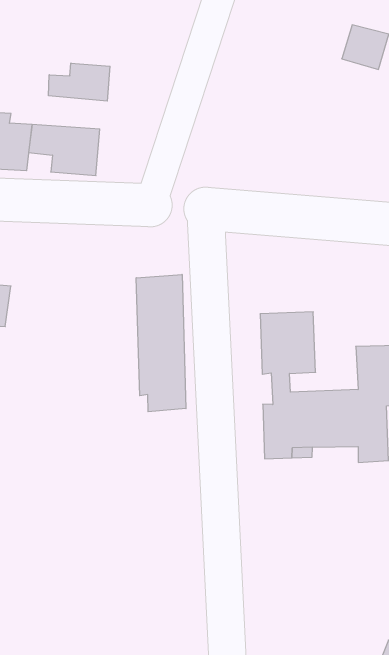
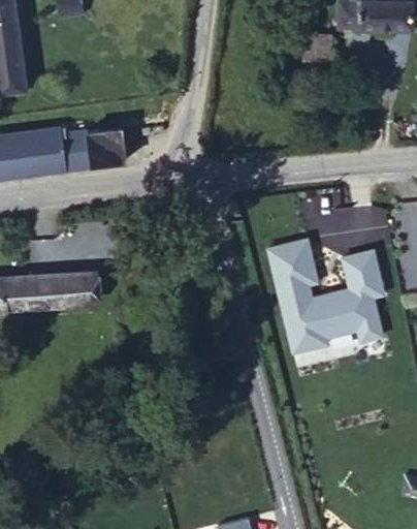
building: [49,63,110,101] -> none
building: [136,274,186,412] -> none

